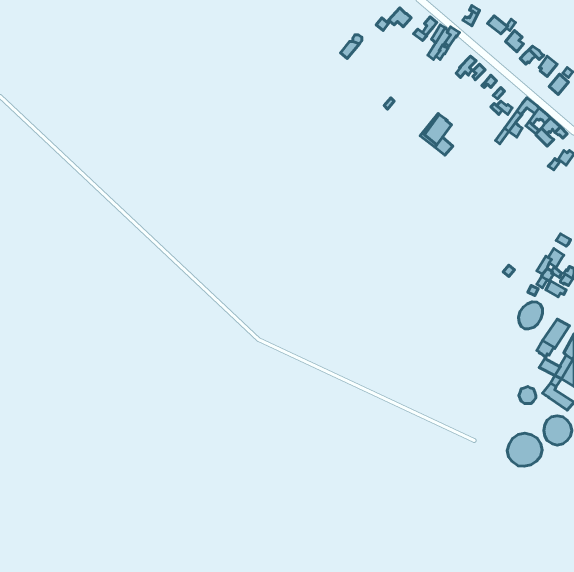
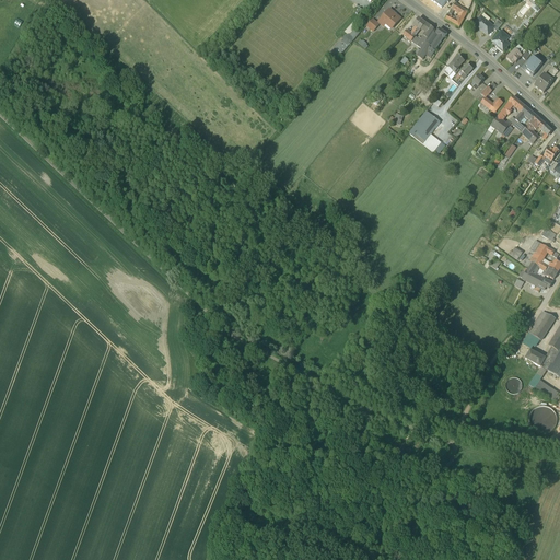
building: [518,302,543,329] -> none
building: [507,433,542,466] -> none

